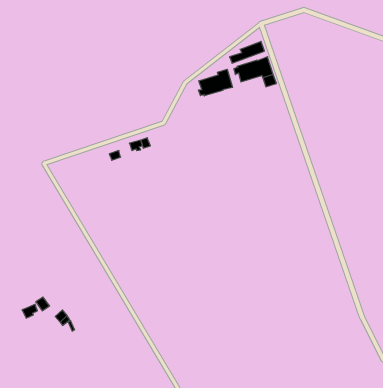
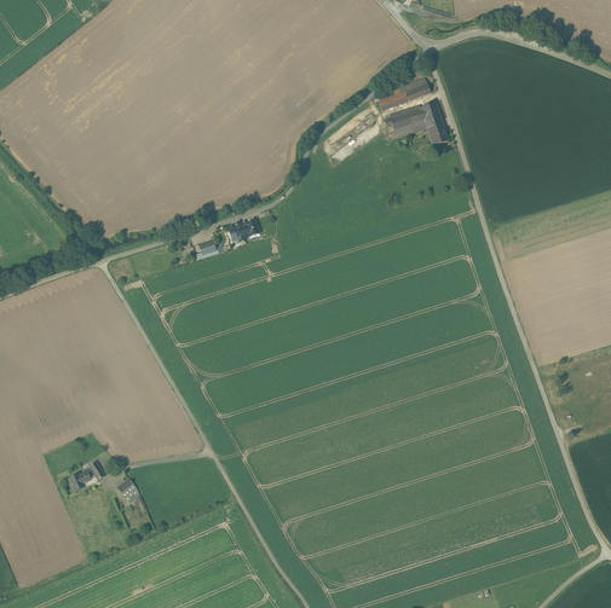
building: [199,69,233,96] -> none

